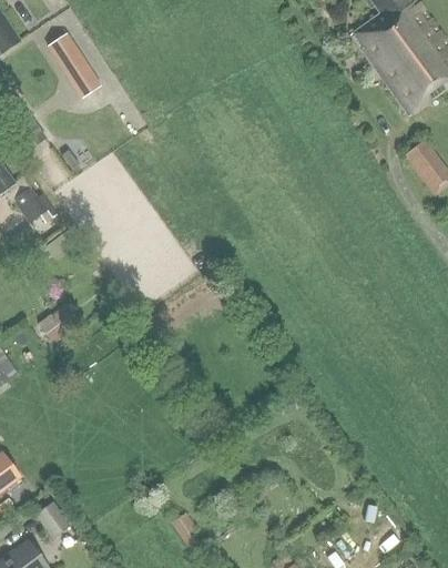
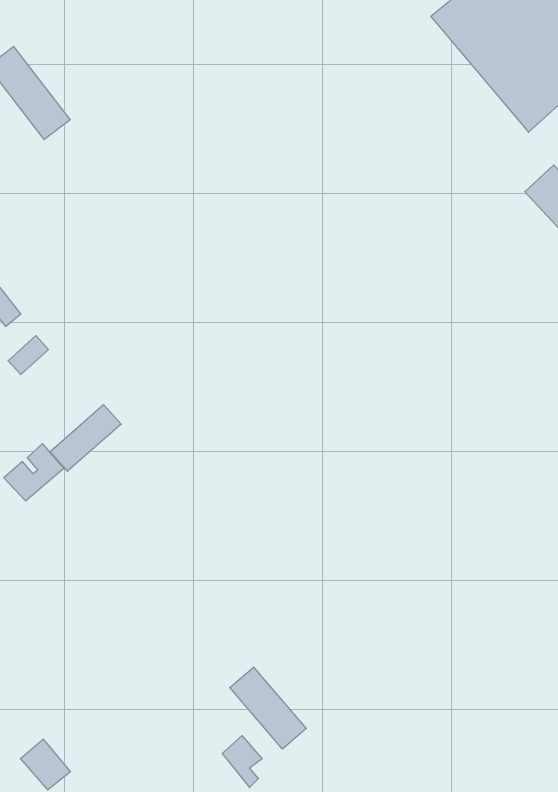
building: none -> [50,405,121,471]
building: none -> [230,667,306,749]

